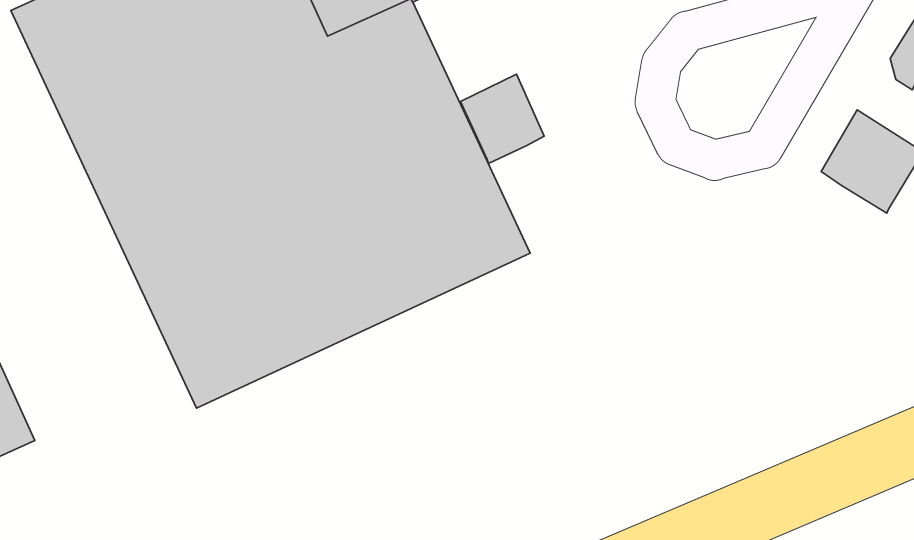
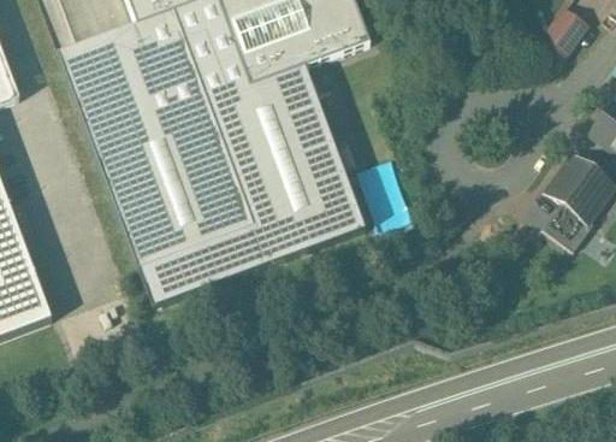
building: [461,74,544,163] -> none
building: none -> [541,199,593,247]

